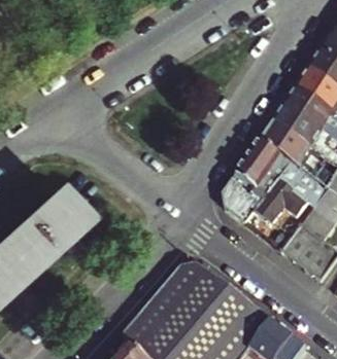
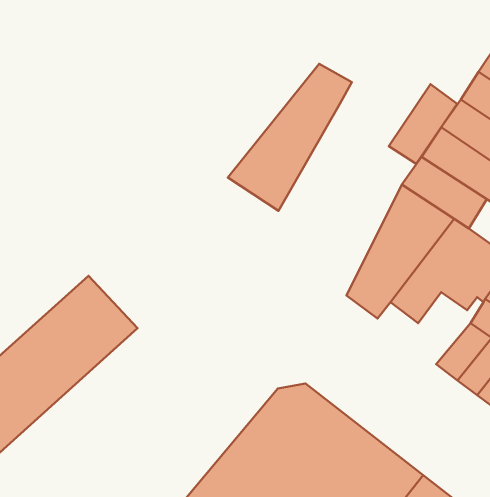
building: none -> [228,64,352,211]
building: none -> [389,84,457,164]

